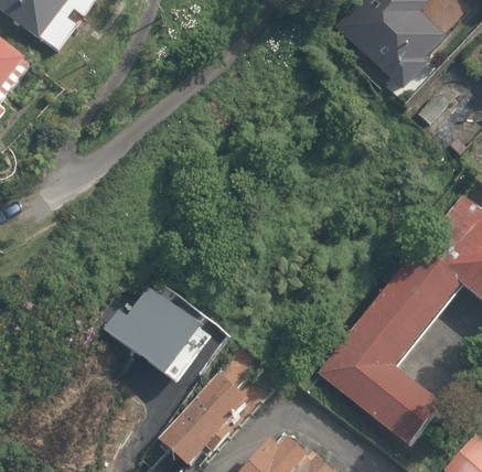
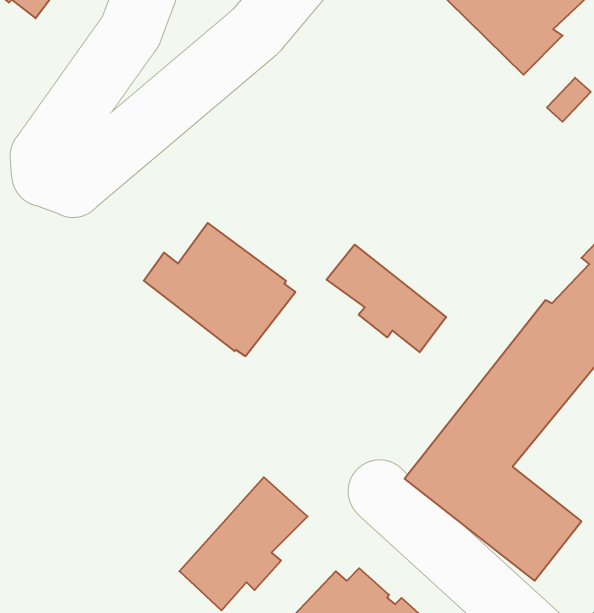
building: none -> [327,245,446,352]
building: [107,290,214,384] -> [144,223,295,356]

